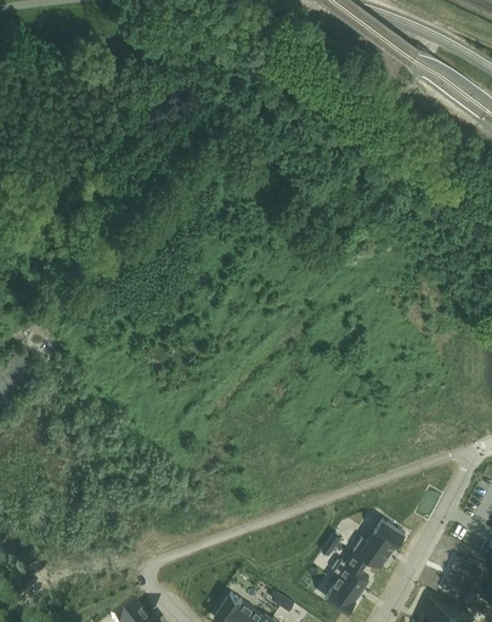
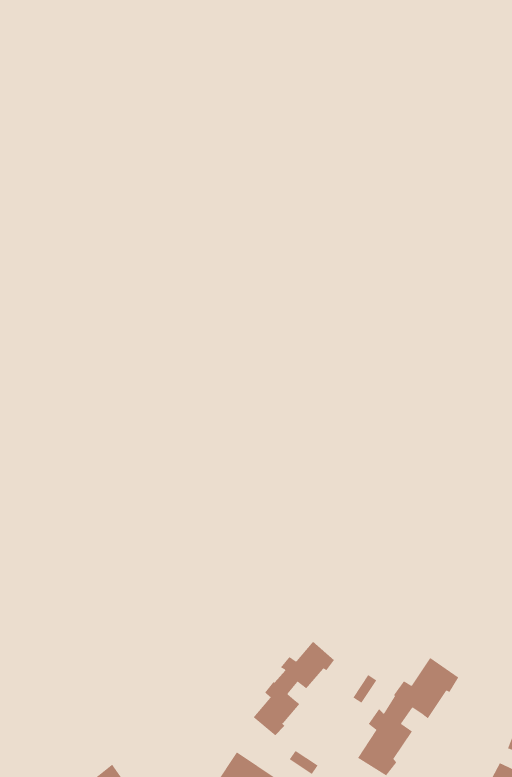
building: none -> [253,641,335,736]

